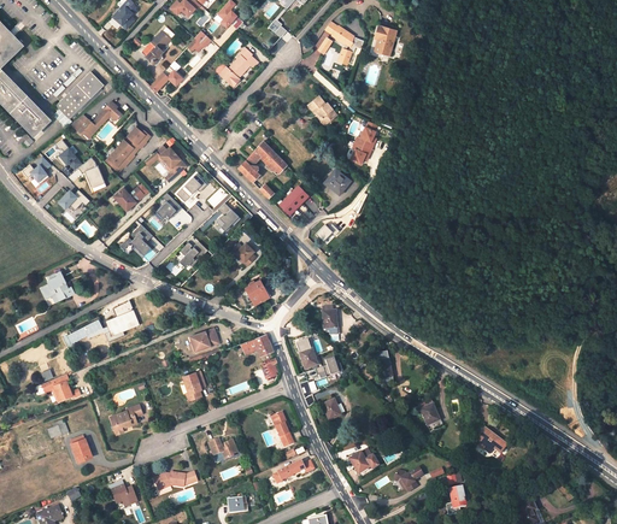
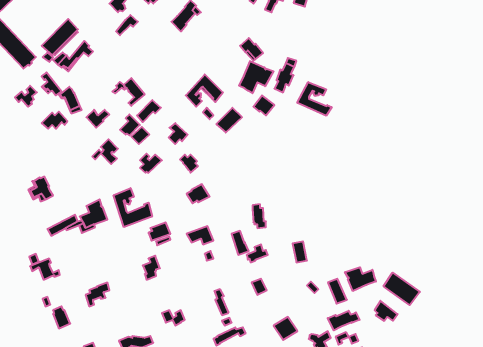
building: none -> [239,61,274,93]
building: [108,126,151,172] -> none
building: none -> [297,82,332,116]
building: none -> [114,188,152,227]
building: none -> [345,267,376,291]
building: none -> [384,273,420,305]
building: none -> [328,311,360,330]

